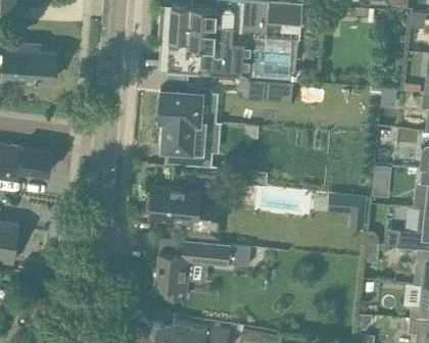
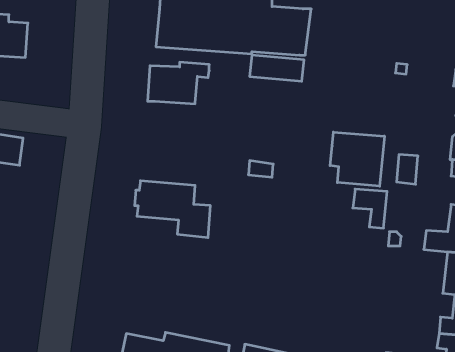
building: [161,120,212,168] -> none
building: none -> [330,132,384,186]
building: [147,241,250,300] -> none

